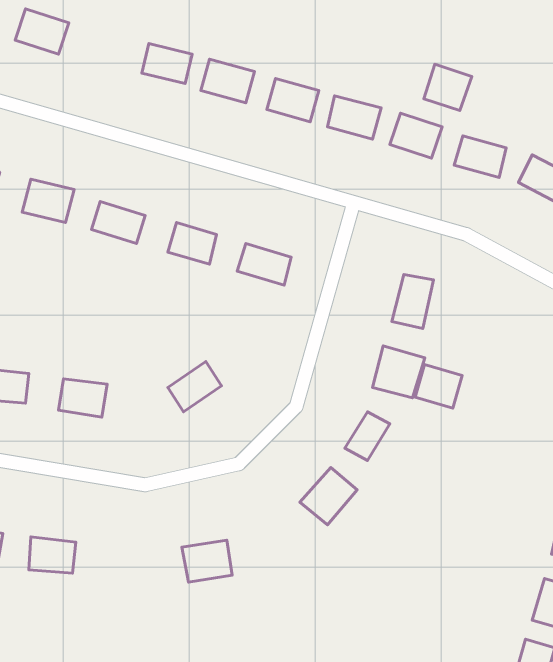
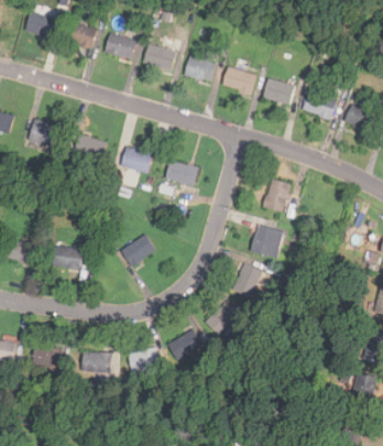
building: none -> [64,21,97,48]
building: [424,64,472,110] -> none
building: [415,364,462,408] -> none
building: none -> [168,330,201,359]
building: none -> [83,352,112,372]

